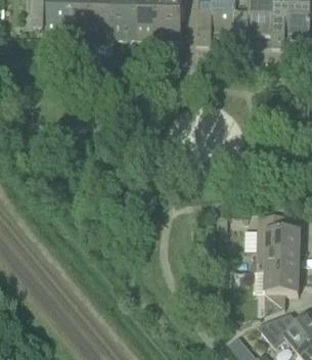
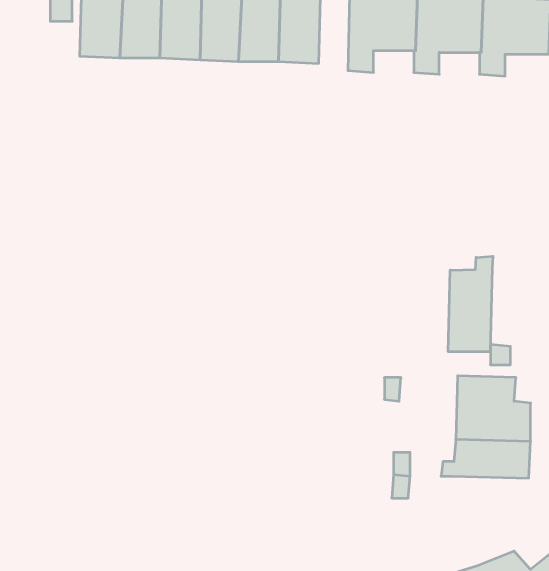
building: none -> [448,256,493,352]
building: [256,270,299,315] -> none

